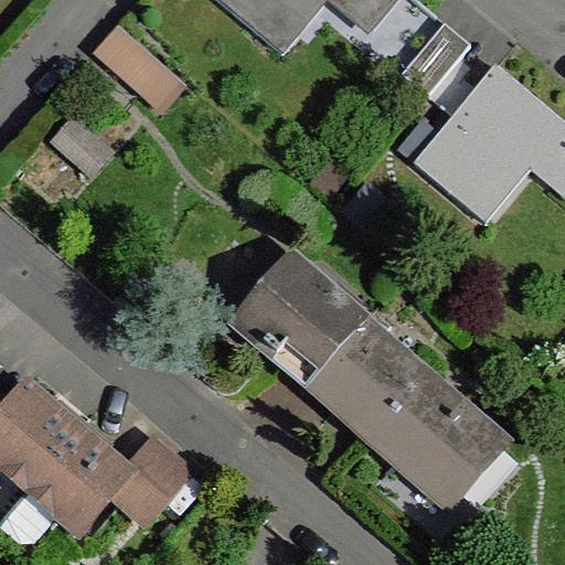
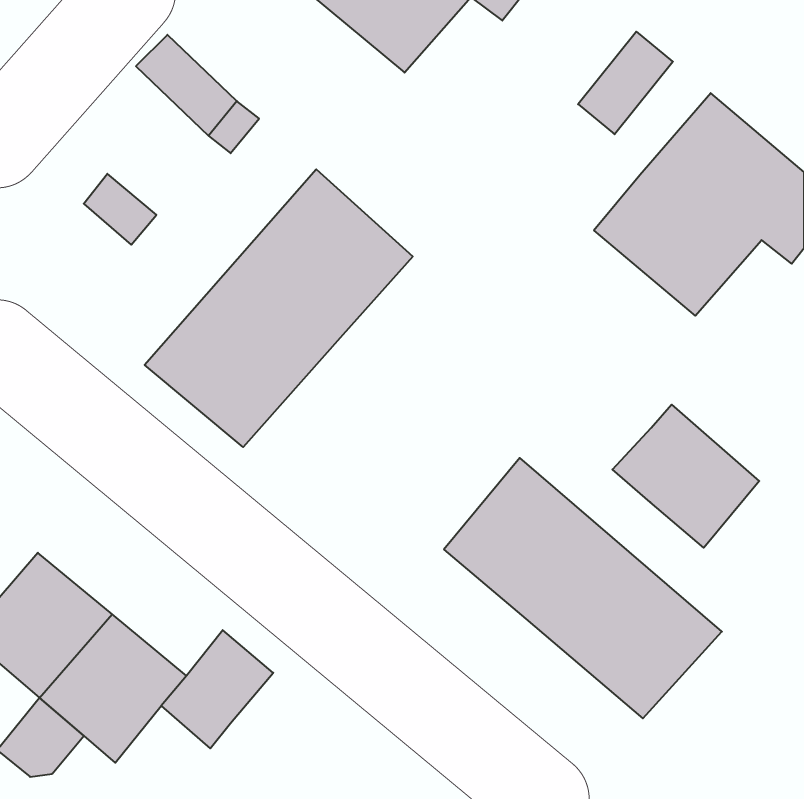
building: none -> [145,169,413,447]
building: [235,256,363,384] -> none
building: none -> [612,405,759,548]

